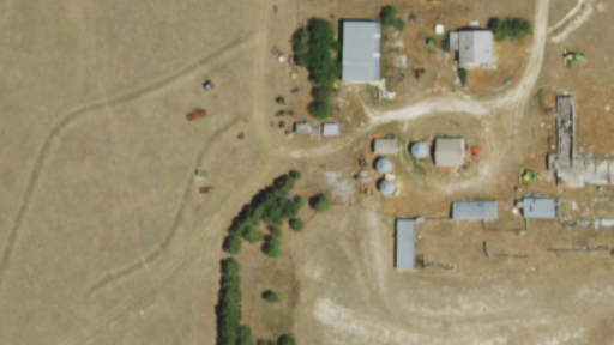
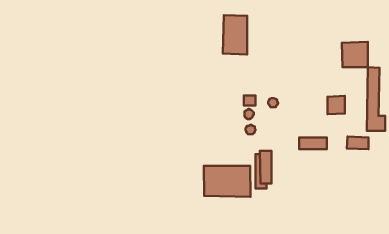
building: [453,30,490,66] -> [342,42,368,67]
building: [437,137,462,163] -> [327,96,345,114]
building: none -> [204,166,250,197]

